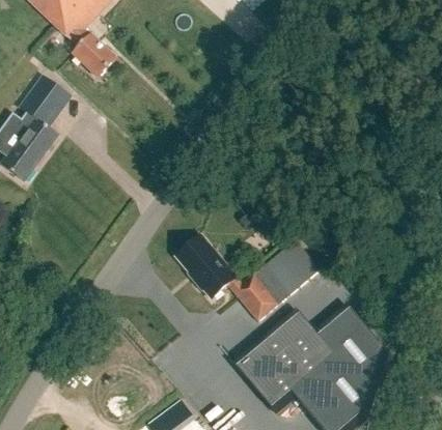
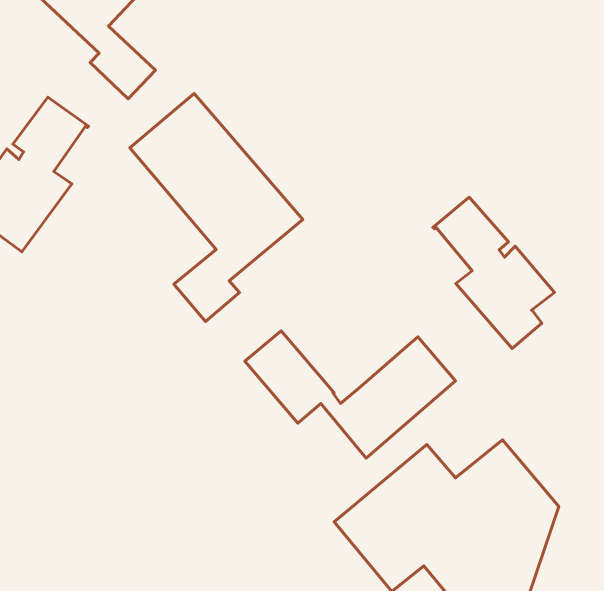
building: none -> [130,93,303,322]
building: none -> [433,197,555,349]

